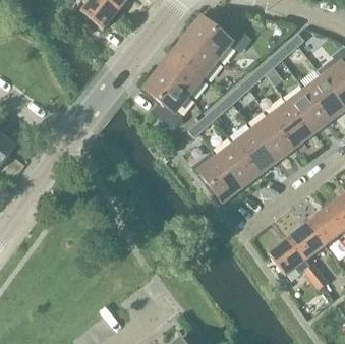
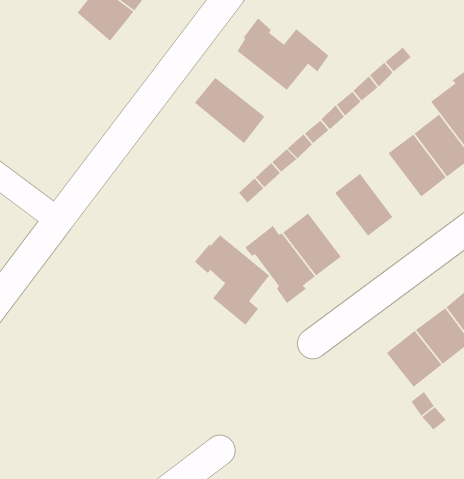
building: [172,36,220,79] -> none
building: [140,70,191,131] -> [194,234,270,326]
building: [269,104,309,147] -> none
building: [234,130,274,173] -> none
building: [267,237,304,276] -> none

